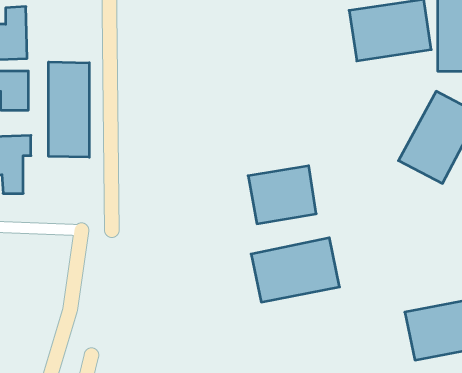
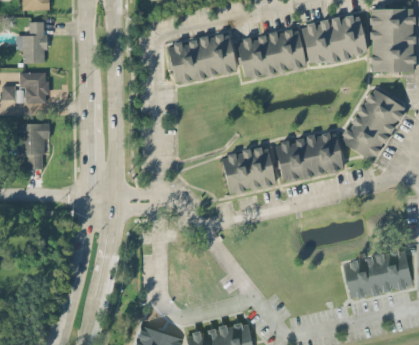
building: none -> [236,27,305,79]
building: none -> [167,33,236,83]
building: [49,62,89,157] -> none
building: [251,238,340,302] -> [274,131,344,182]

